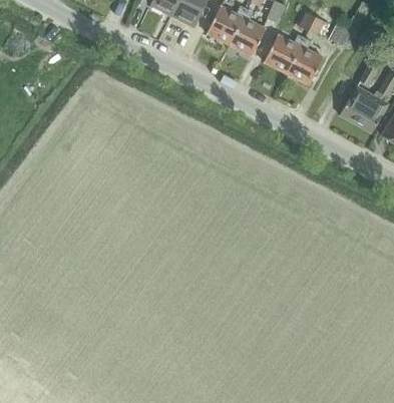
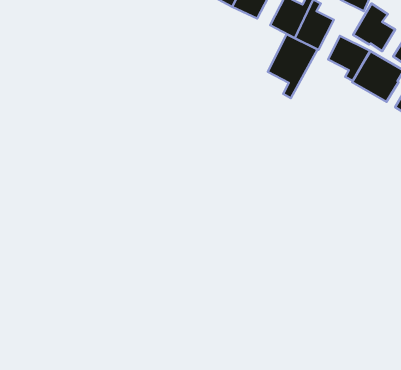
building: none -> [268,34,317,98]
building: none -> [328,36,370,81]

